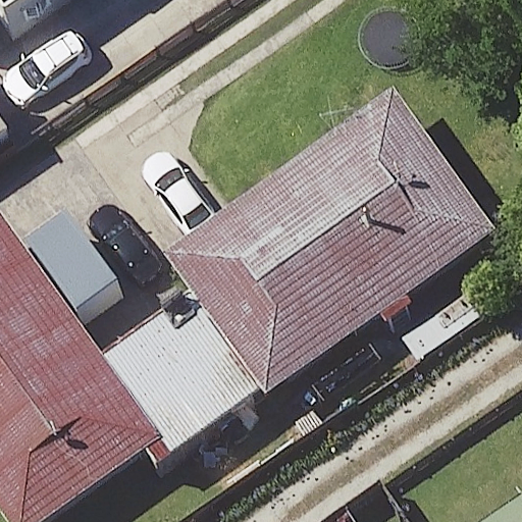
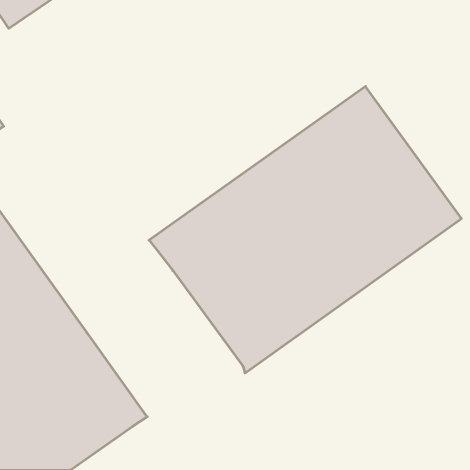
building: [94,291,261,472] -> none

